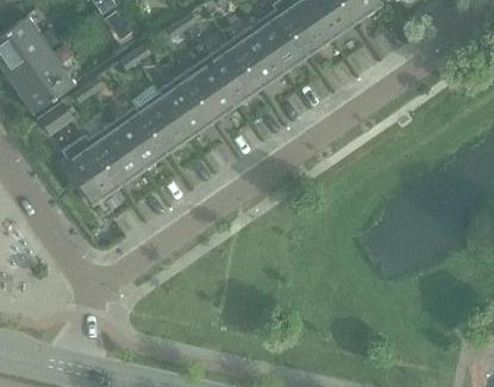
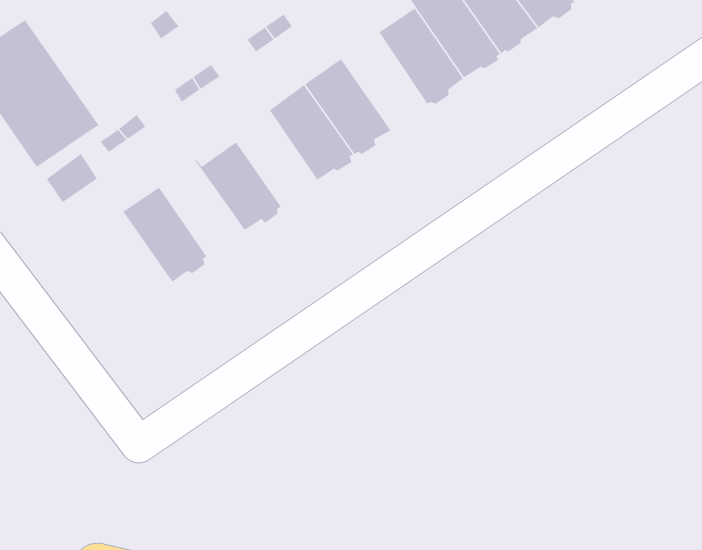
building: [229,25,283,88] -> none
building: [158,75,213,137] -> none
building: [112,107,167,169] -> none
building: [62,135,120,202] -> none

